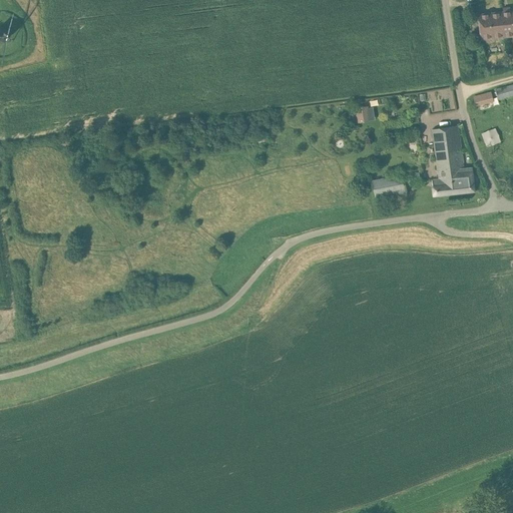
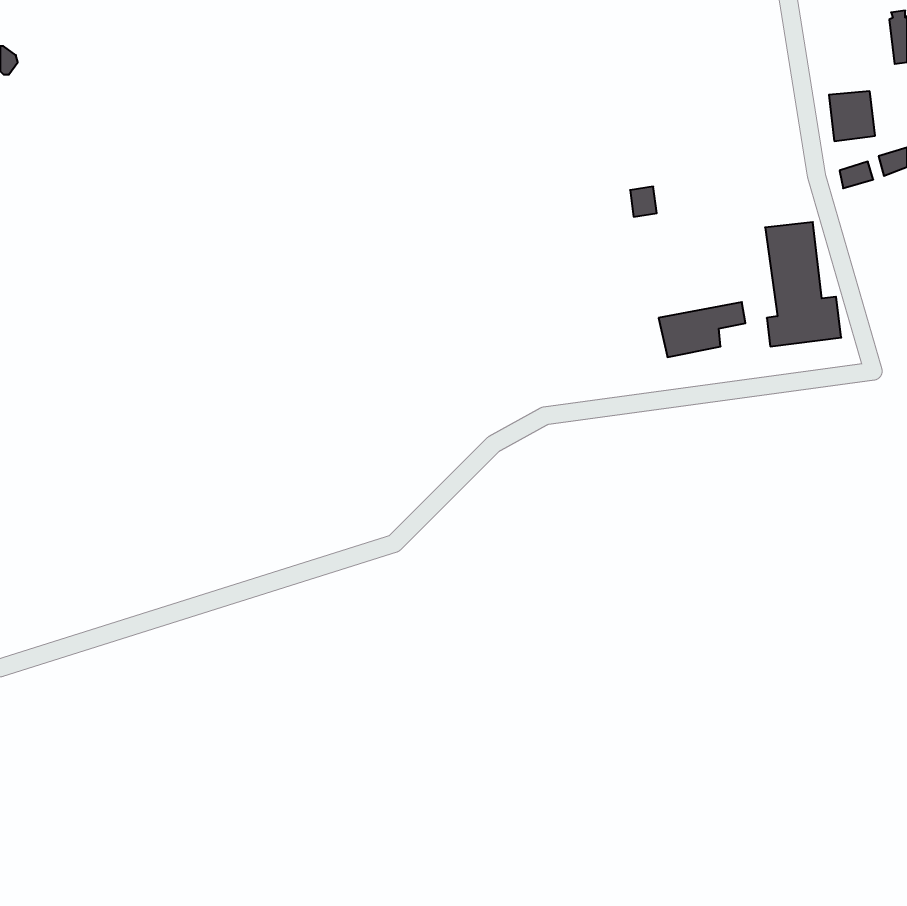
building: [479,11,505,39] -> [829,91,875,141]

